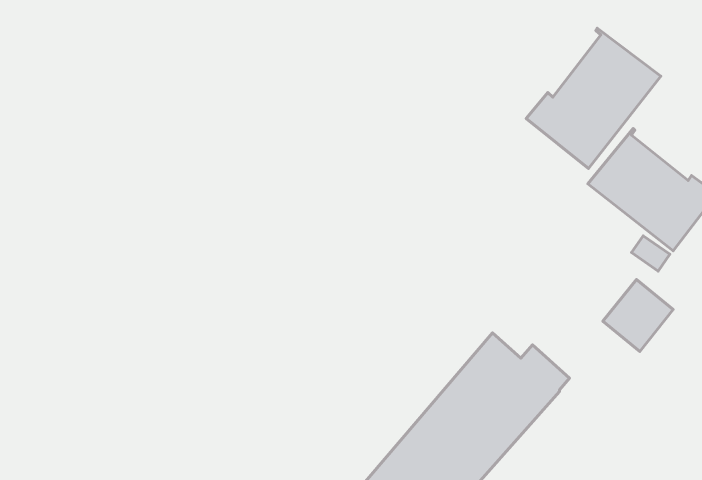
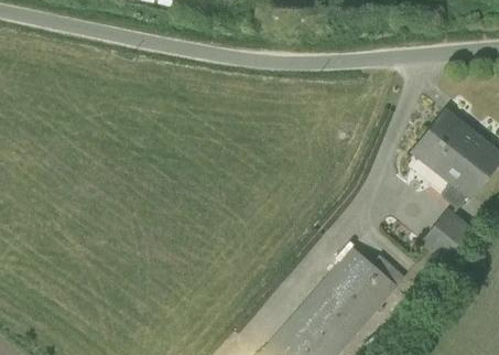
building: [526,28,661,168] -> none

